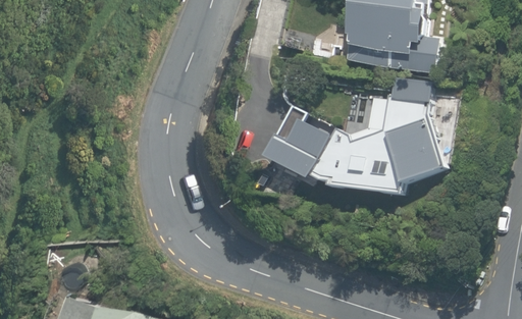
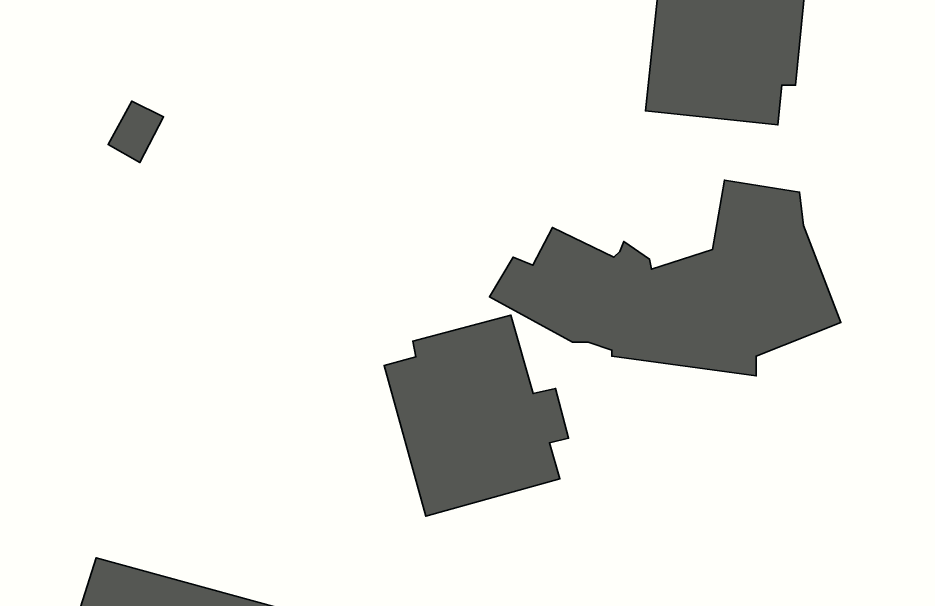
building: none -> [384,315,569,516]

